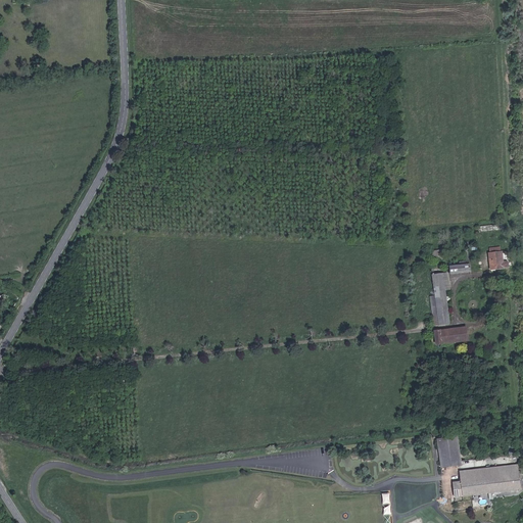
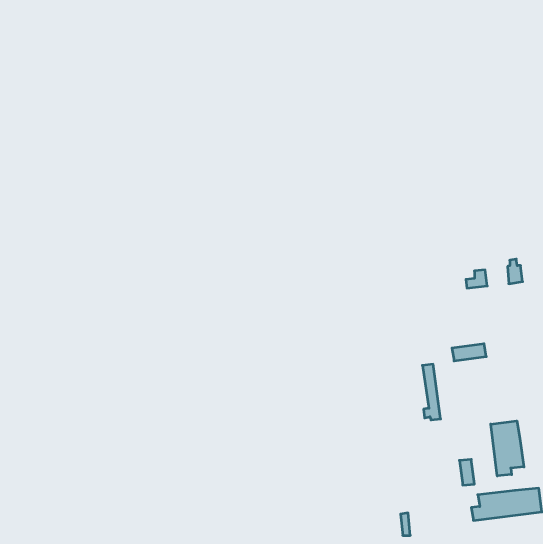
building: [431,274,448,327] -> [422,364,441,420]
building: none -> [491,421,524,476]

